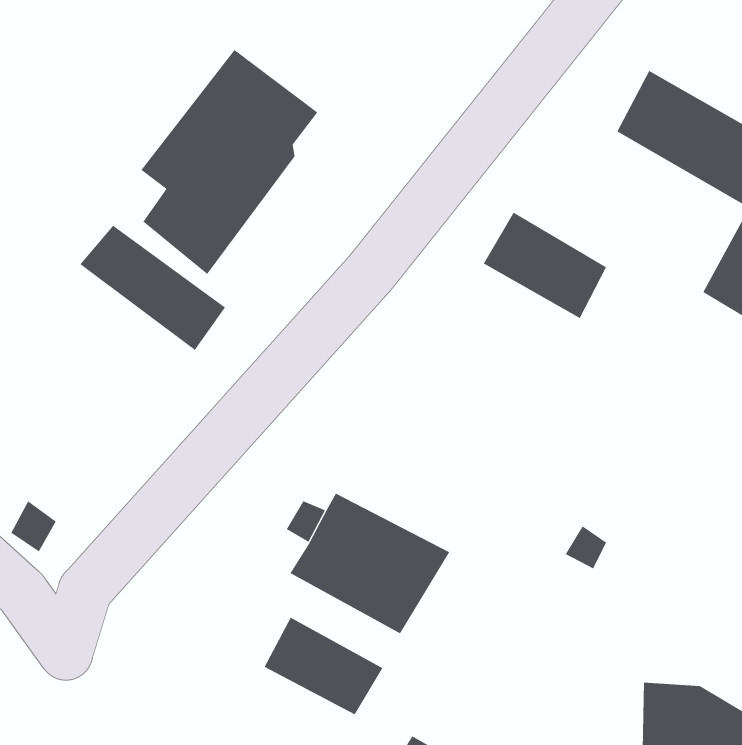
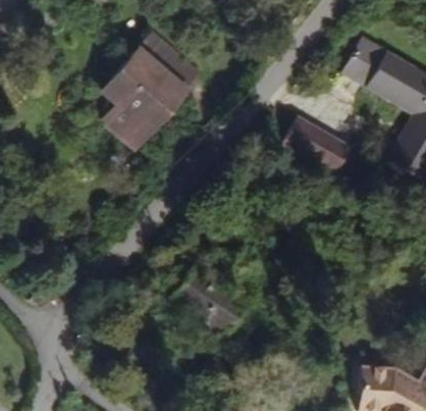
building: [80,225,226,351] -> none
building: [264,617,383,715] -> none

